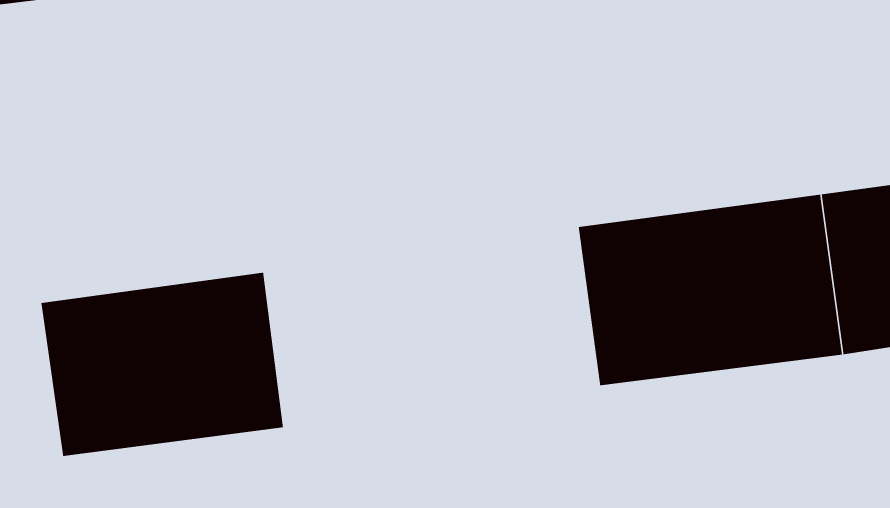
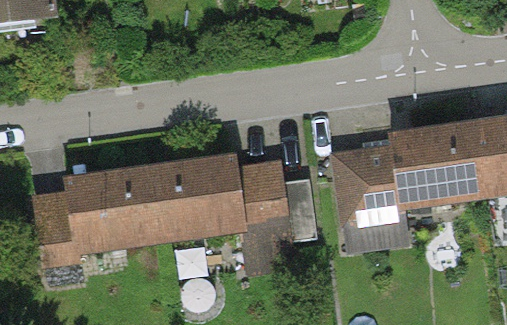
building: none -> [157,148,291,250]

